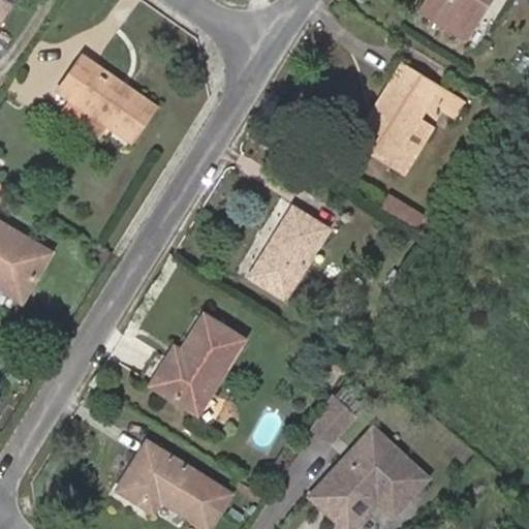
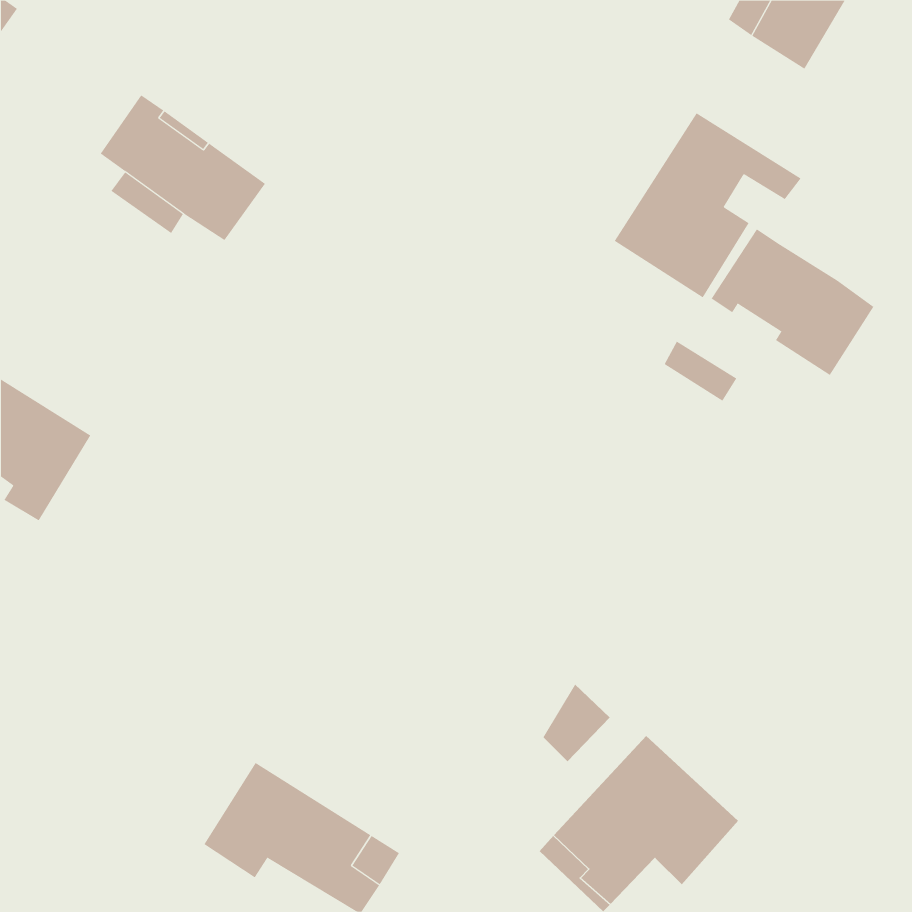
building: none -> [711,229,874,376]
building: [250,207,329,299] -> none
building: [152,314,244,412] -> none

